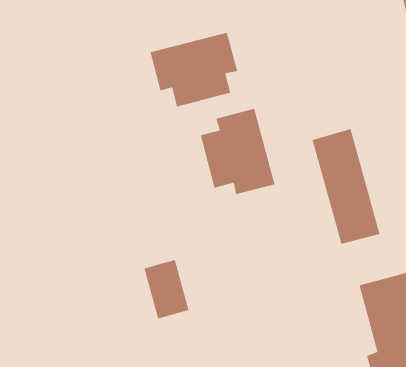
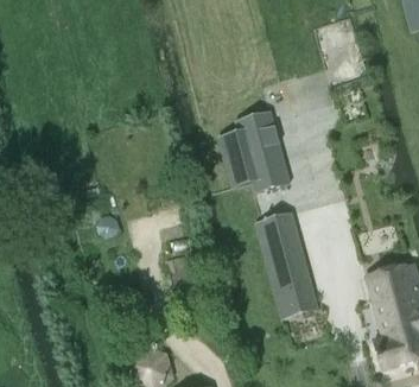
building: [149,32,238,107] -> none
building: [311,128,381,245] -> [254,210,318,318]

